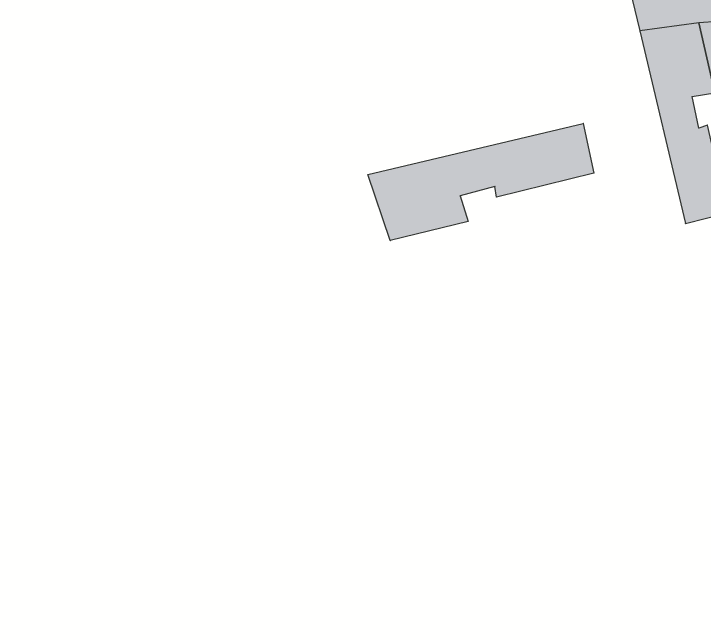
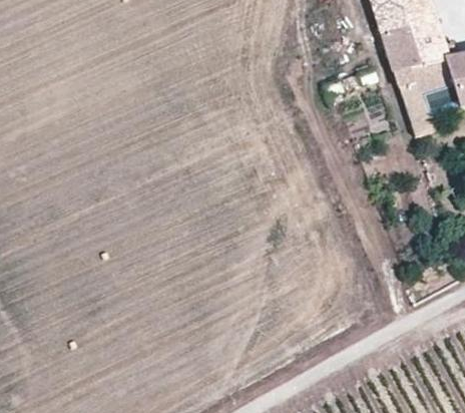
building: [368,123,594,241] -> none

